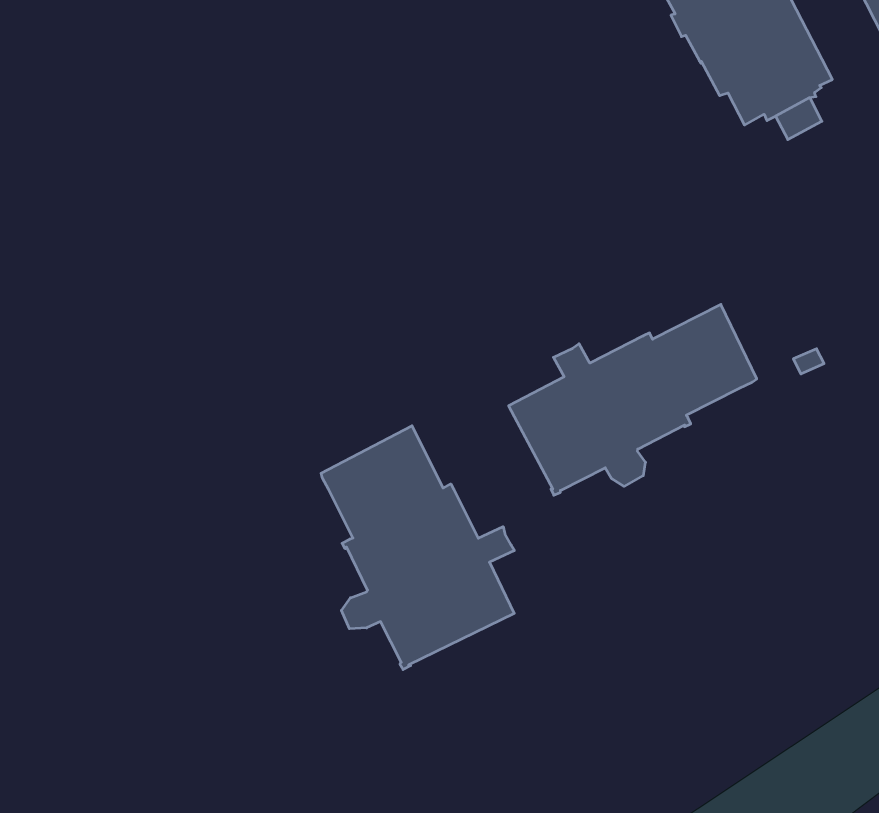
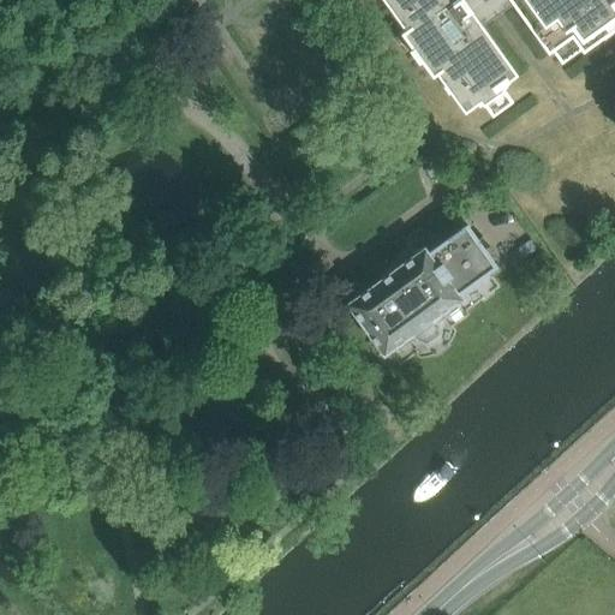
building: [321,426,514,670] -> none

